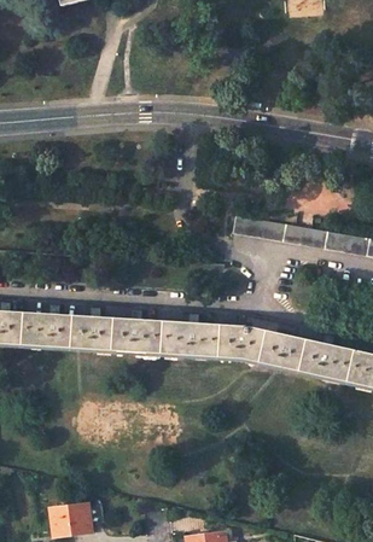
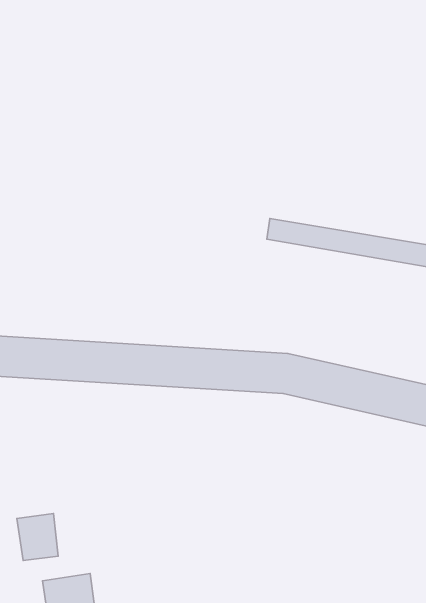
building: none -> [17,514,58,561]

